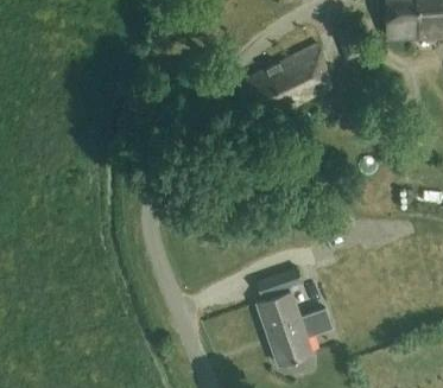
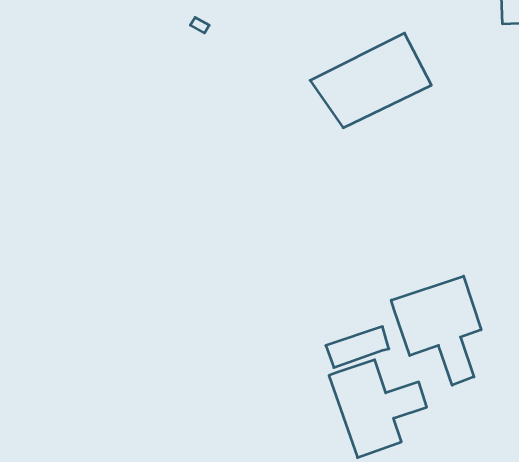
building: none -> [391,276,481,385]

